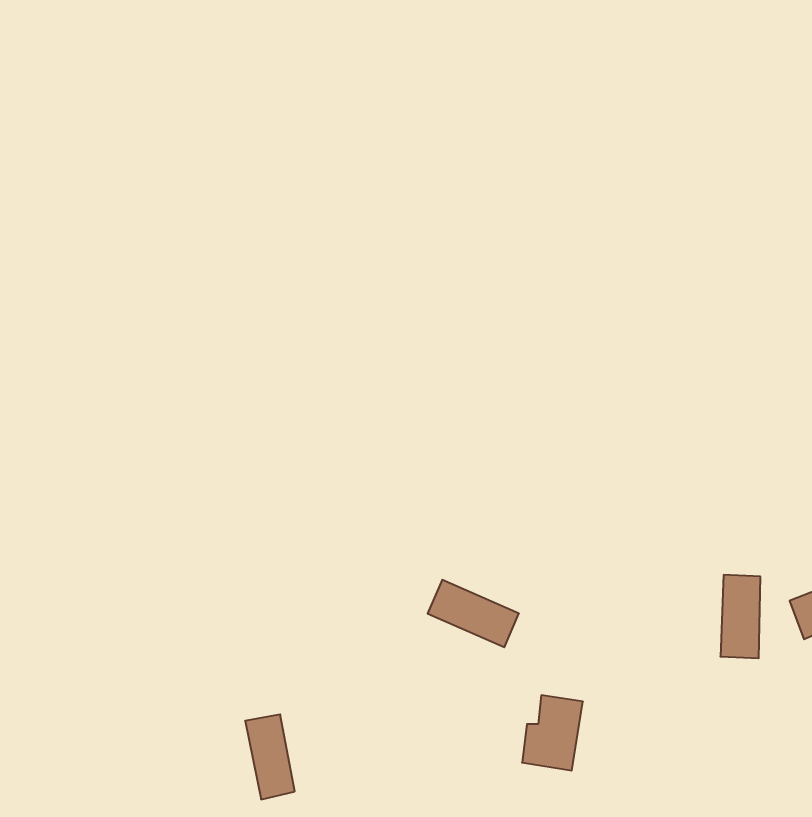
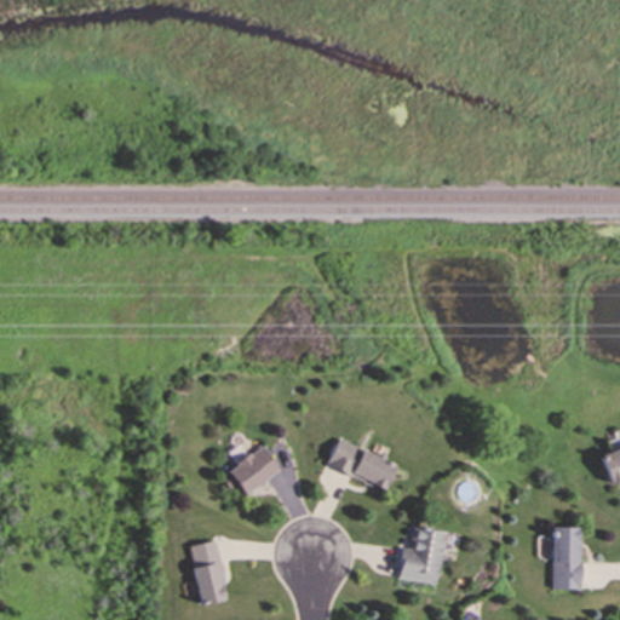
building: [720,575,760,658] -> [552,527,582,590]
building: none -> [220,446,281,494]

